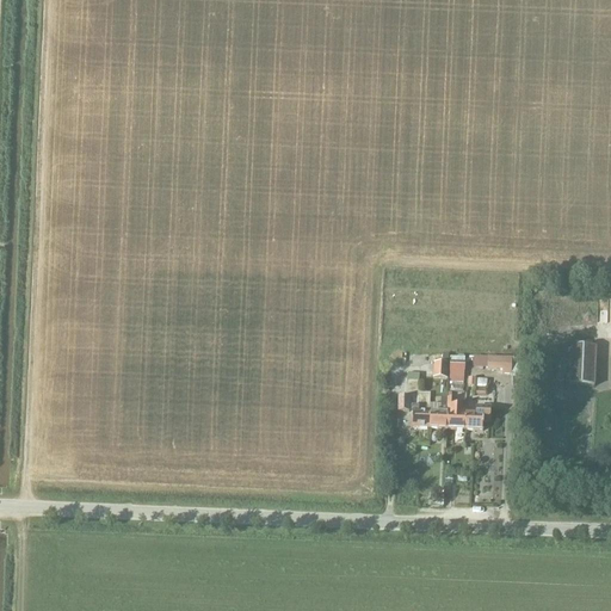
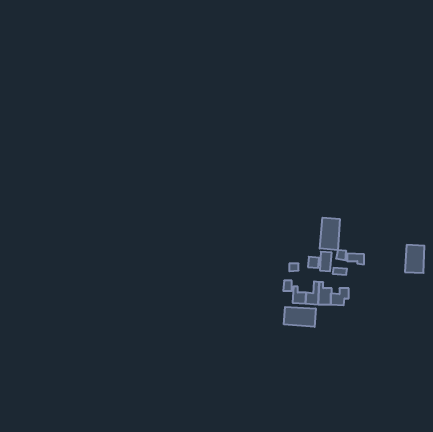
building: none -> [320,218,340,250]
building: none -> [284,307,316,327]

